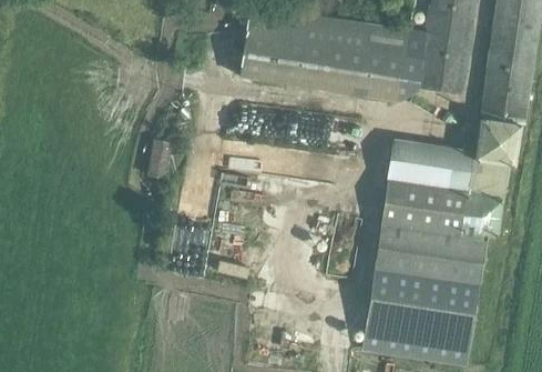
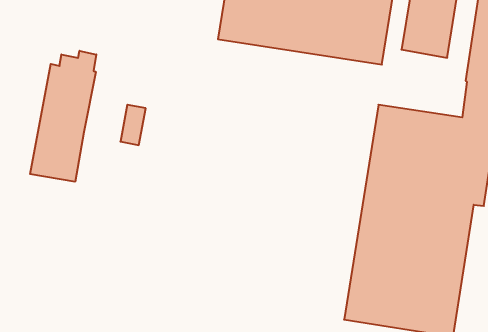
building: none -> [30,51,96,182]

